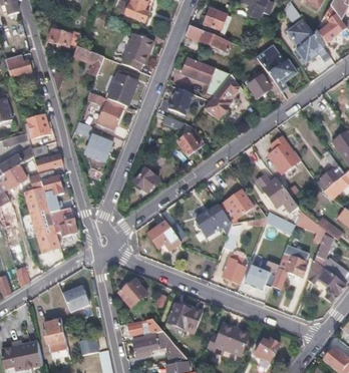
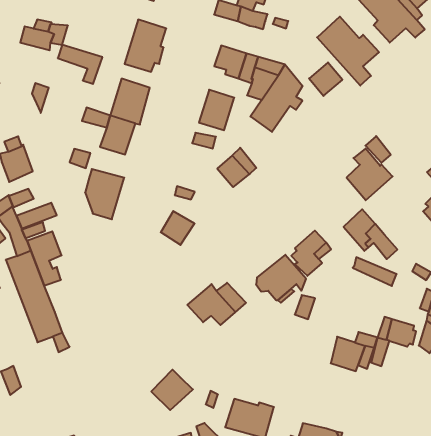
building: [50,208,77,236] -> none
building: [222,255,245,284] -> none
building: [62,285,89,311] -> none

